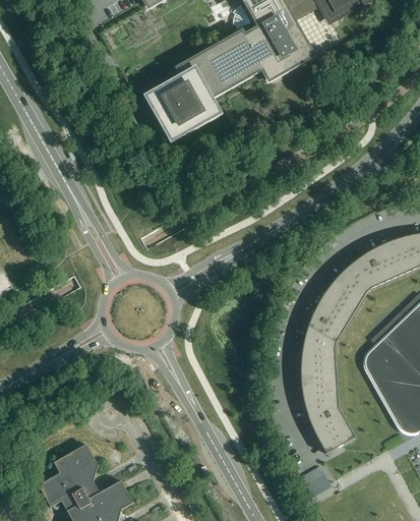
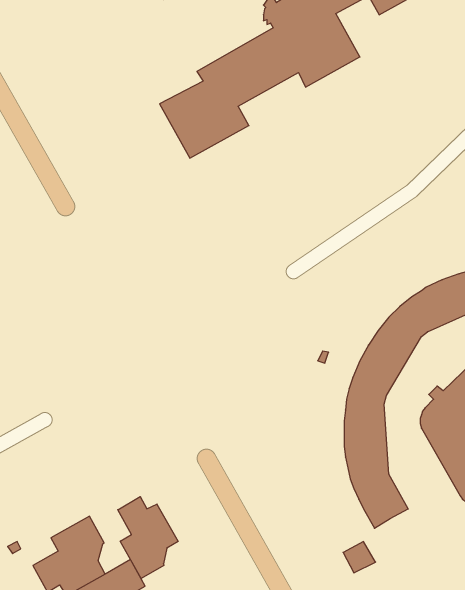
building: none -> [118,497,178,579]

